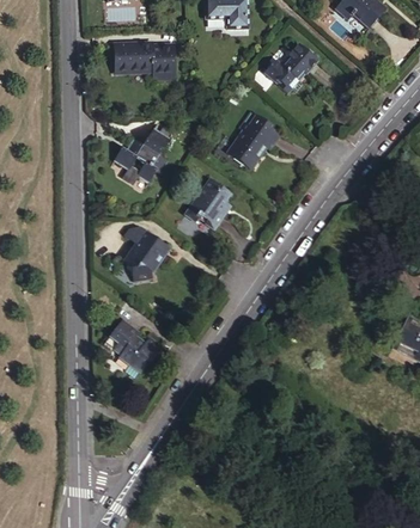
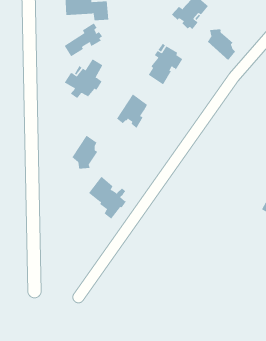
building: none -> [64,22,103,57]
building: none -> [207,28,236,61]
building: [105,321,159,382] -> [88,176,127,220]

